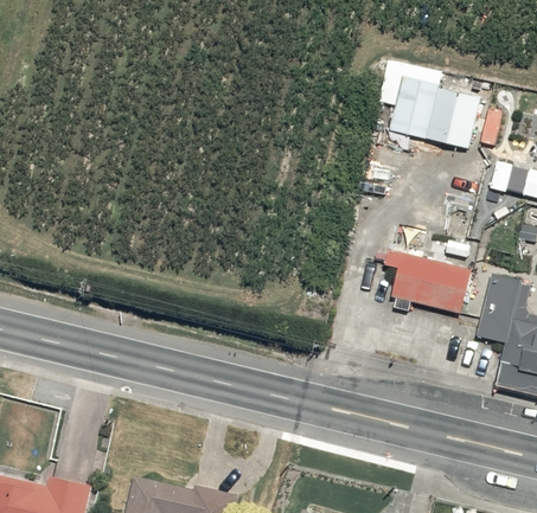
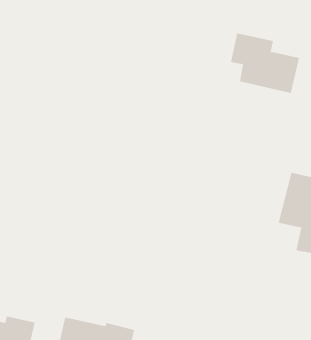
building: [363,244,452,312] -> none

